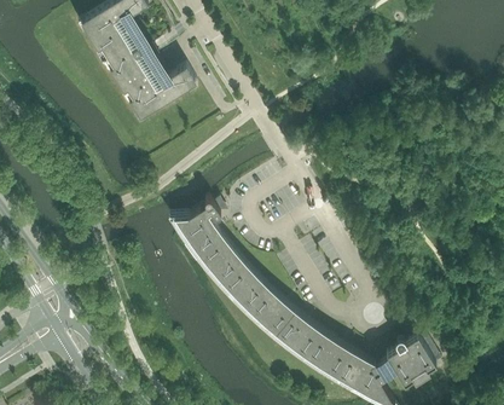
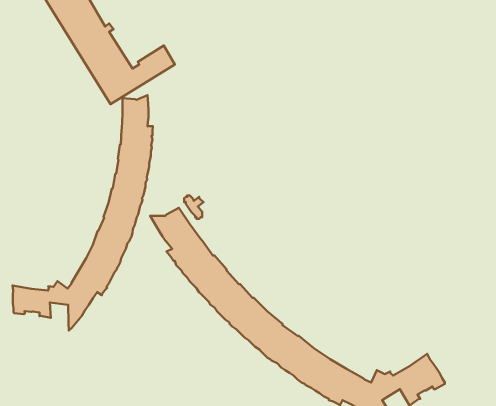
building: none -> [12,95,153,331]

